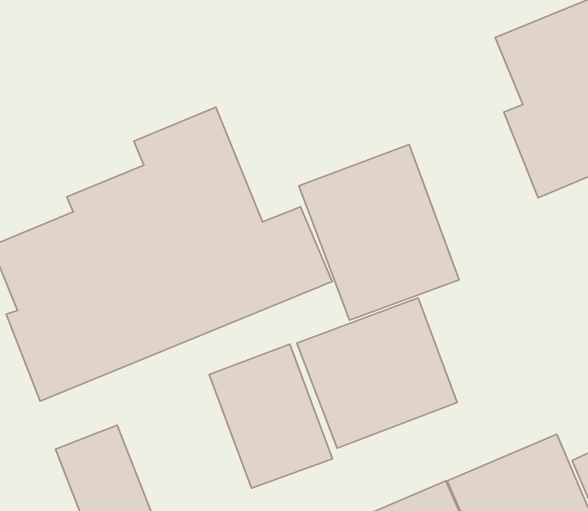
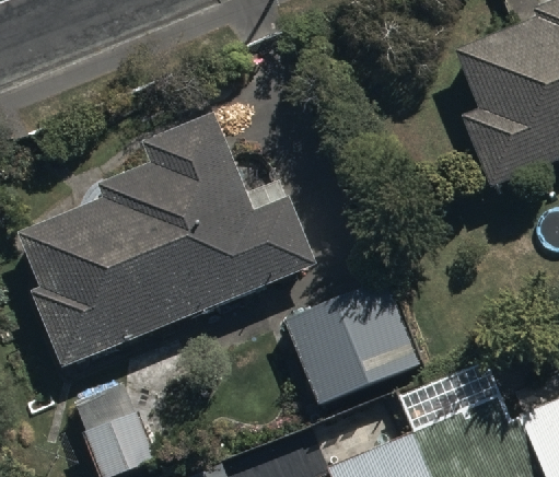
building: [299,144,459,320] -> none
building: [209,344,333,488] -> none

